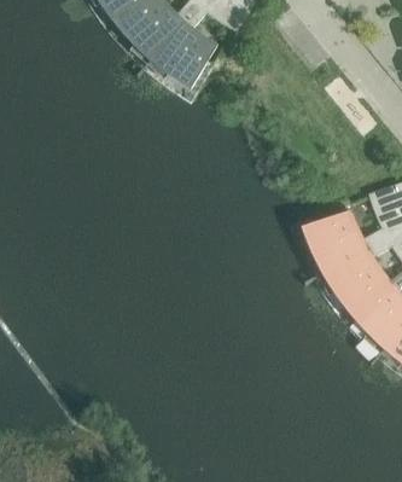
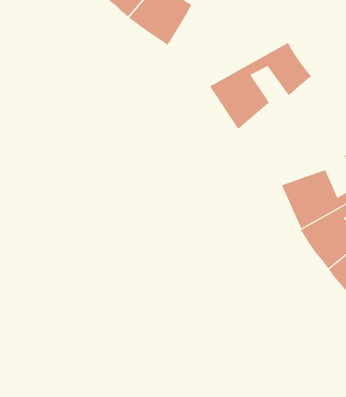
building: none -> [190,38,312,130]

